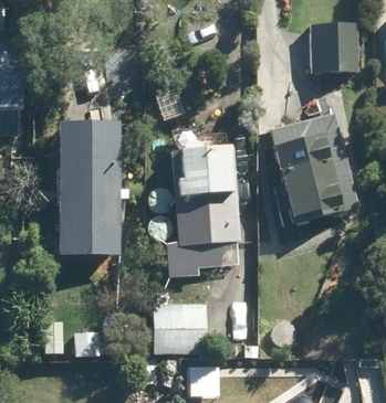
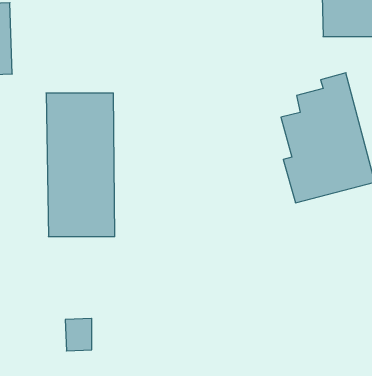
building: [167,147,242,277] -> none
building: [154,303,207,352] -> none

